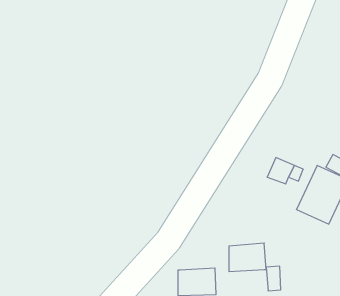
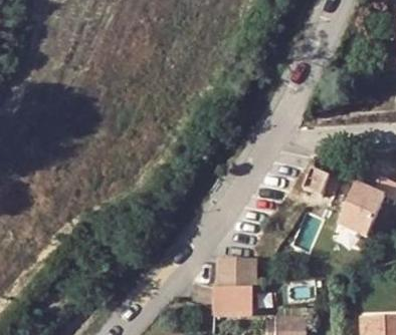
building: [229,243,266,272] -> [215,257,253,286]

